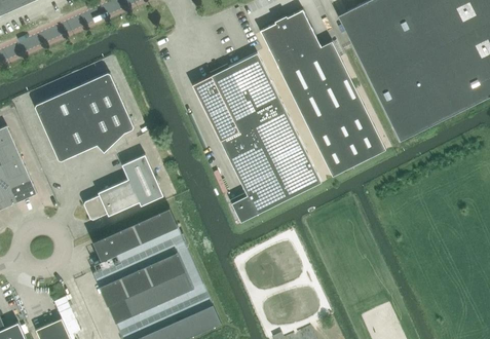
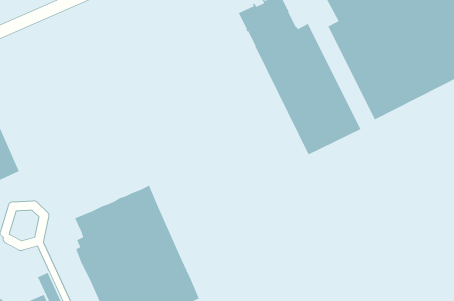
building: [192,53,322,222] -> none
building: [35,73,134,160] -> none
building: [84,154,163,220] -> none

